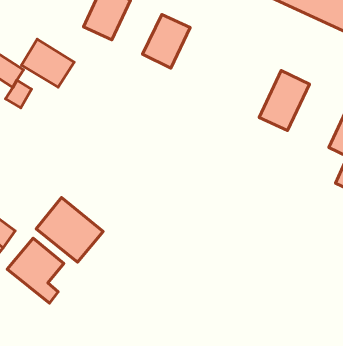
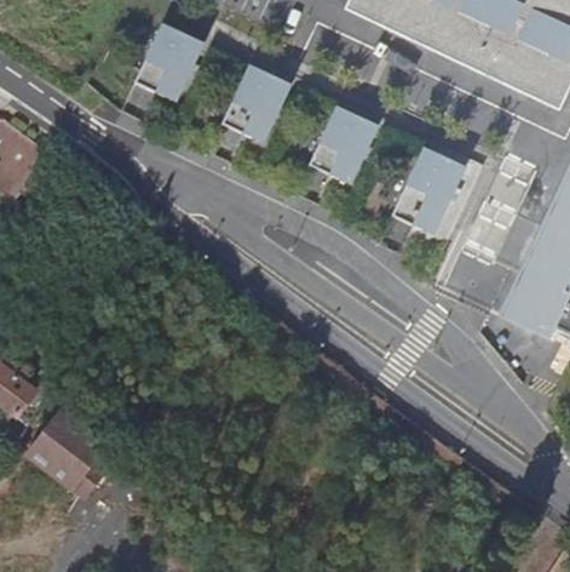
building: [21,39,74,87] -> none
building: none -> [311,108,380,187]
building: [36,198,103,262] -> none

